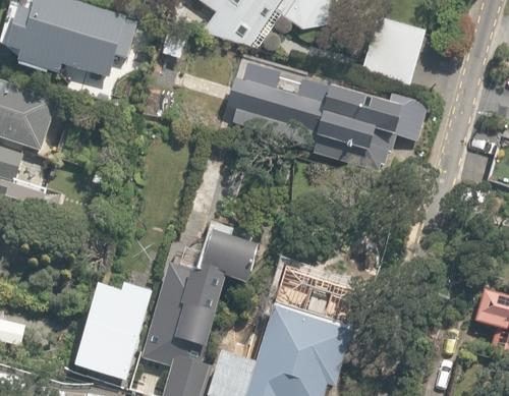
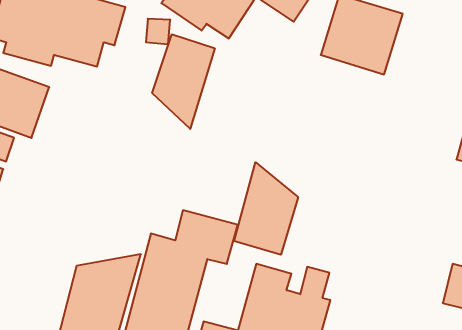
building: none -> [152,34,215,129]
building: [228,75,427,163] -> none
building: none -> [234,162,298,255]

